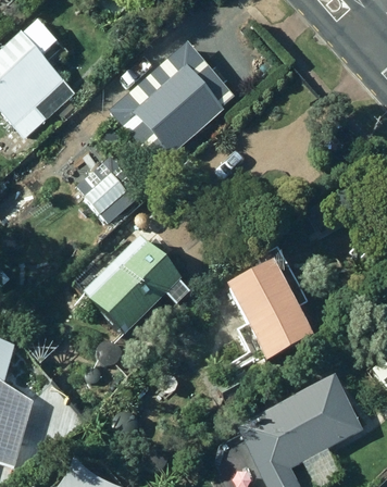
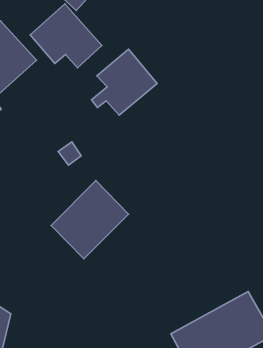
building: none -> [30,4,102,68]
building: [227,259,313,358] -> none

